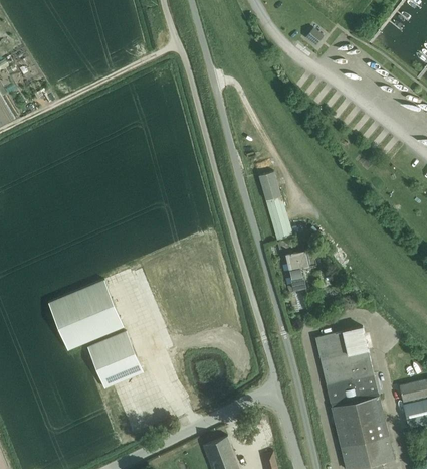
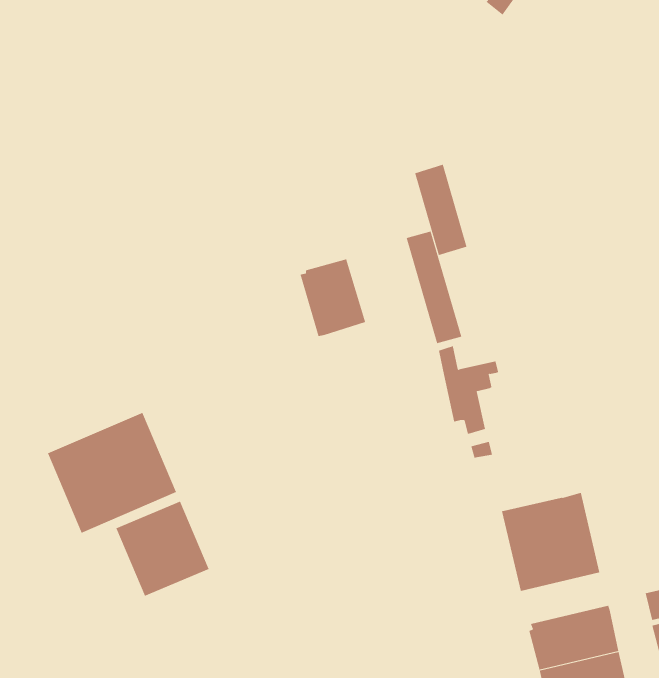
building: none -> [414,164,467,256]
building: none -> [300,258,366,337]
building: [326,373,378,404] -> none

